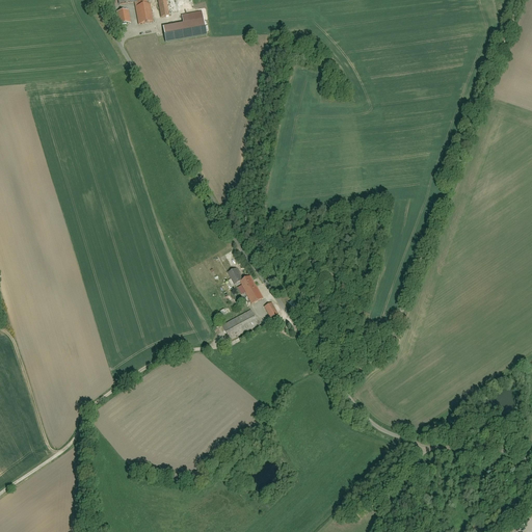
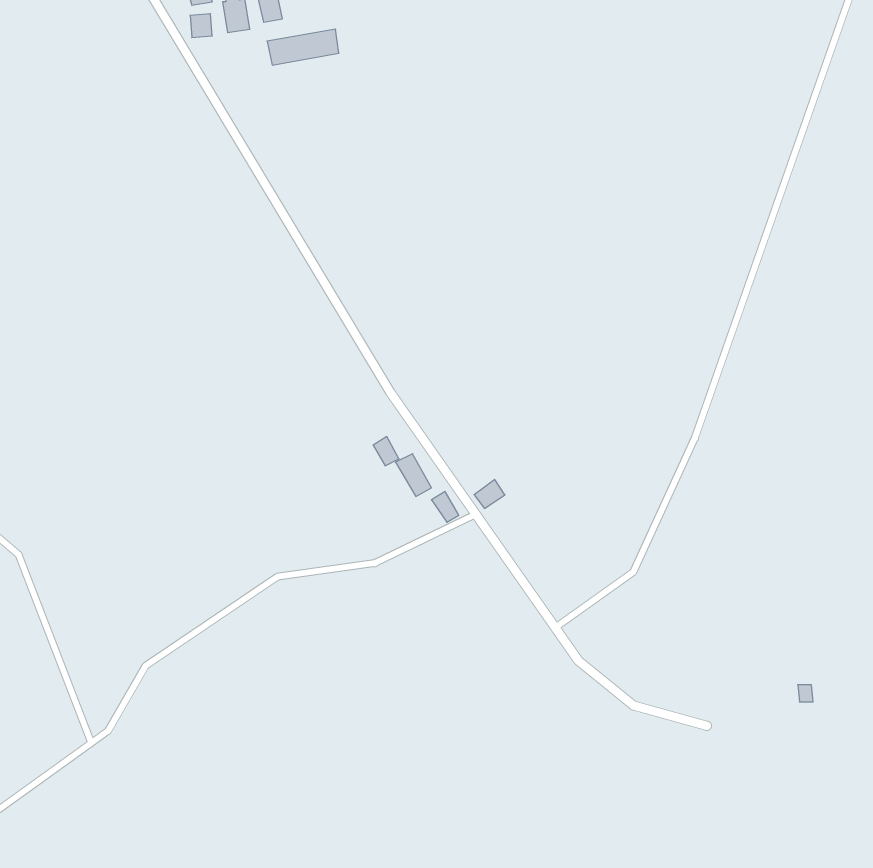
building: [221,308,258,337] -> none

